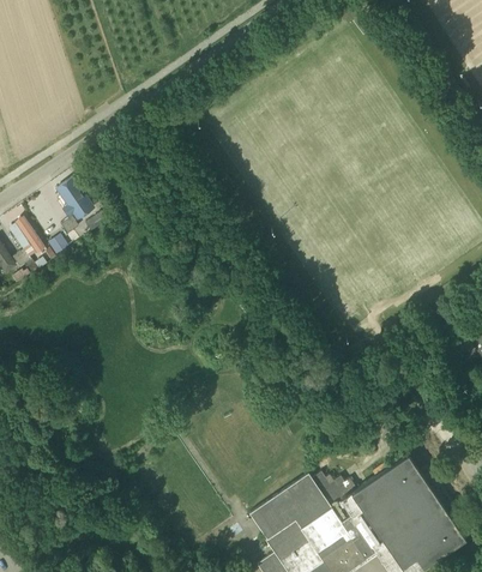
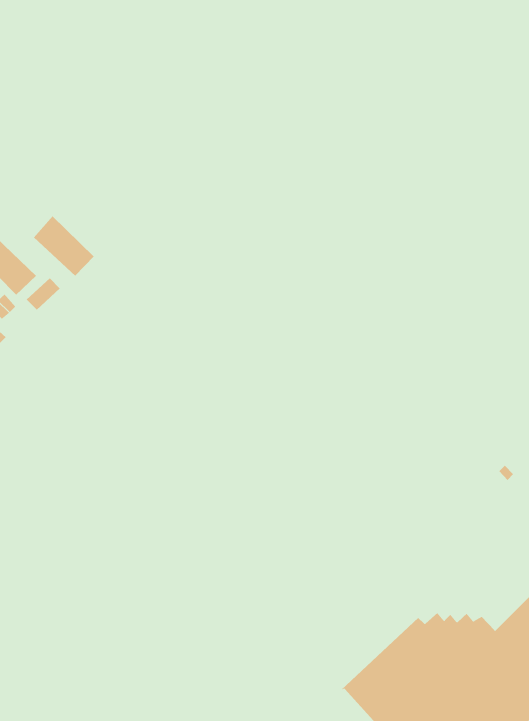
building: none -> [33,216,95,277]

